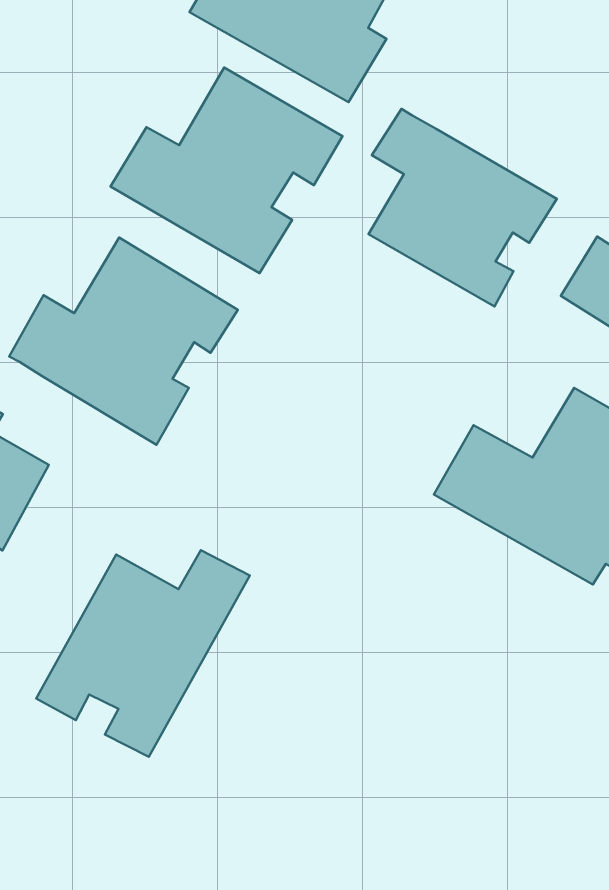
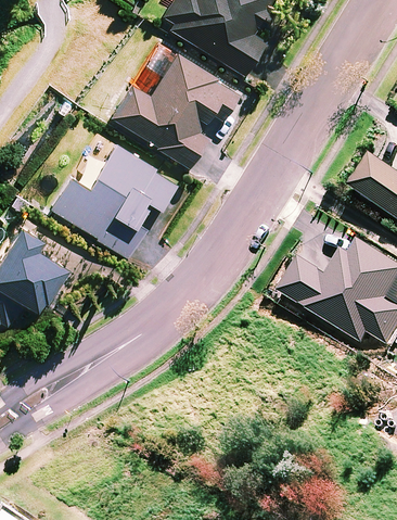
building: [369,109,557,307] -> none
building: [36,550,250,757] -> none

